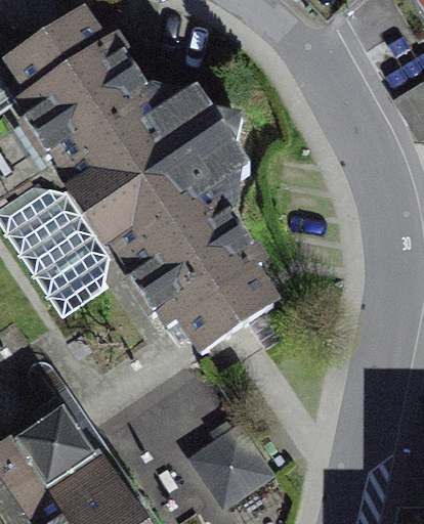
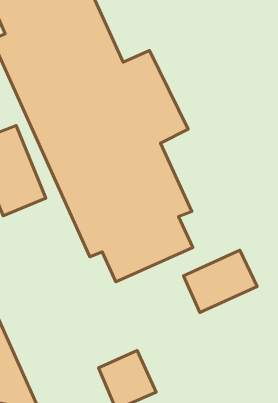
building: none -> [183,250,257,312]

